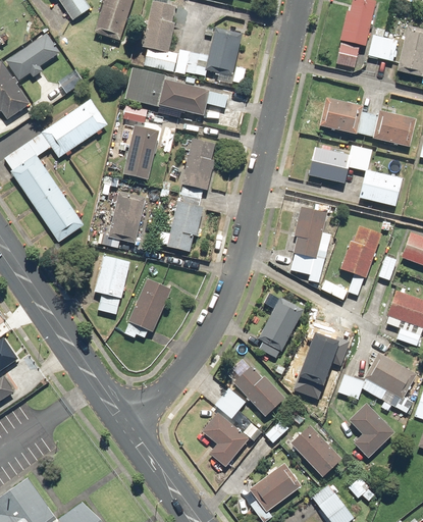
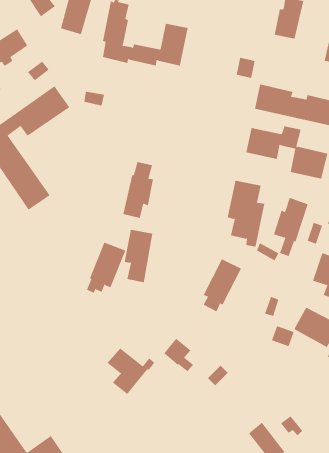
building: [367,35,398,62] -> none
building: [336,44,359,68] -> [236,57,255,79]
building: [124,67,226,114] -> none
building: [124,124,158,177] -> none
building: [183,138,214,189] -> none
building: [108,191,145,243] -> none
building: [95,254,128,315] -> [124,229,153,283]
building: [298,340,329,389] -> none
building: [233,366,284,416] -> none
building: [349,402,394,457] -> none
building: [202,412,257,466] -> [107,348,155,395]
building: [292,424,342,477] -> none
building: [250,462,301,511] -> none

